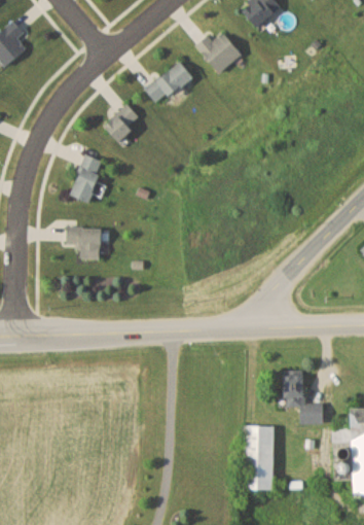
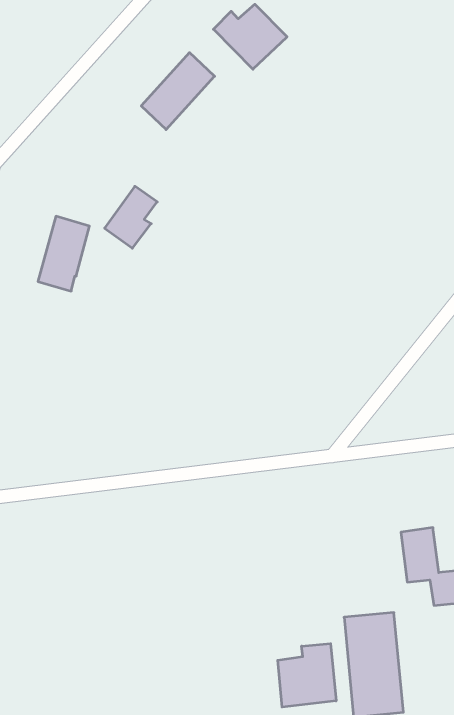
building: [103,104,138,143] -> [105,186,157,248]
building: [64,227,100,259] -> none
building: none -> [278,644,336,707]

